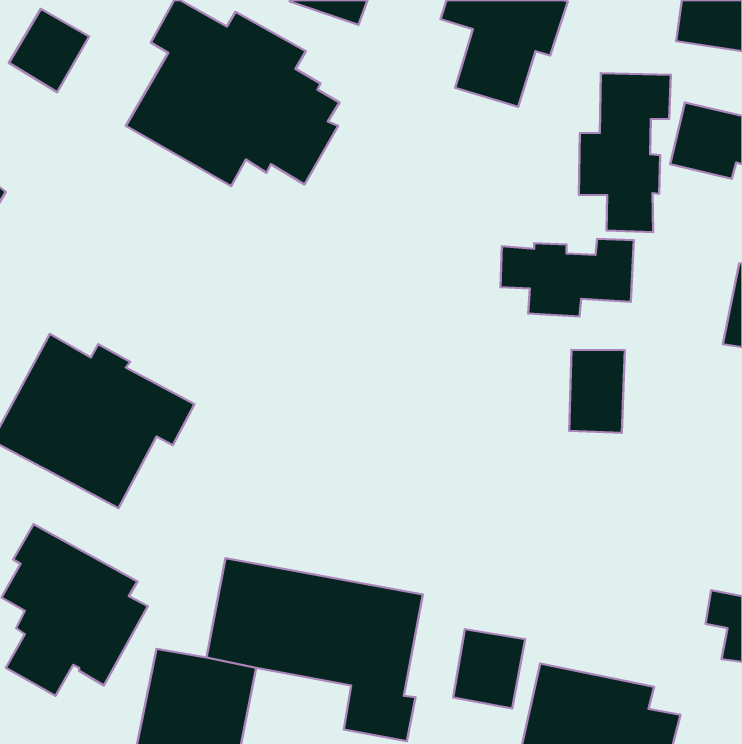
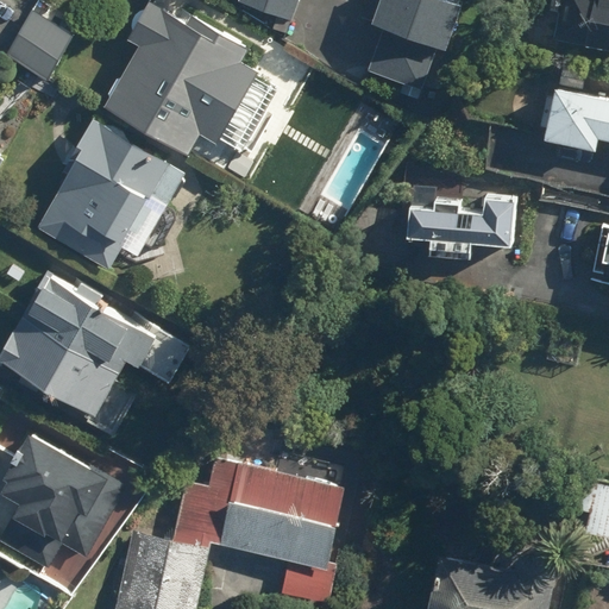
building: [579,73,671,232] -> none
building: none -> [37,120,186,269]
building: [569,350,625,433] -> none
building: [453,629,525,709] -> none

